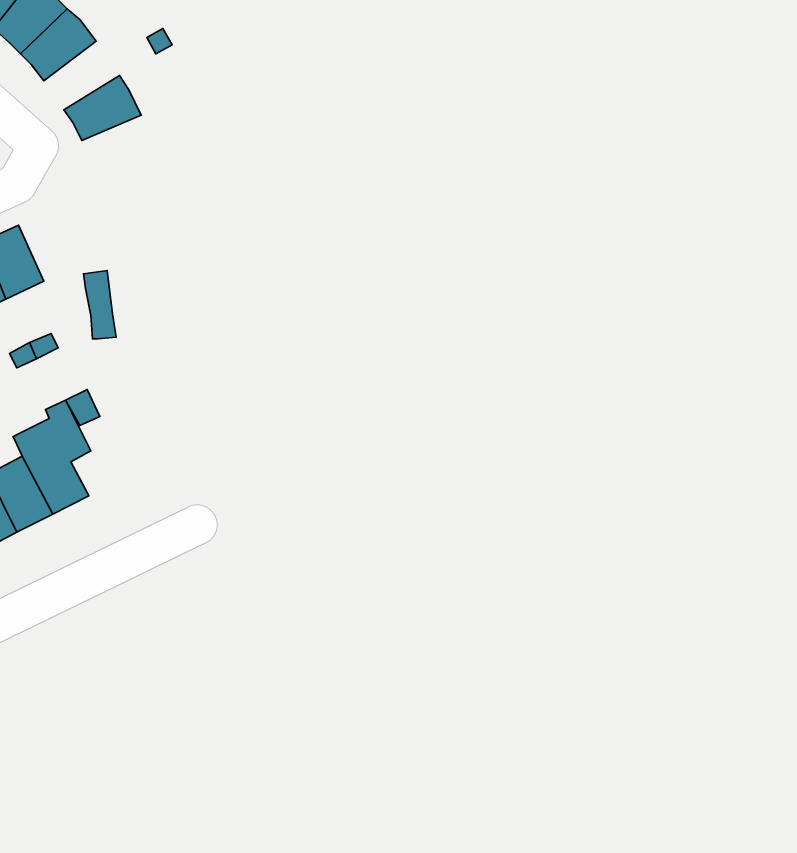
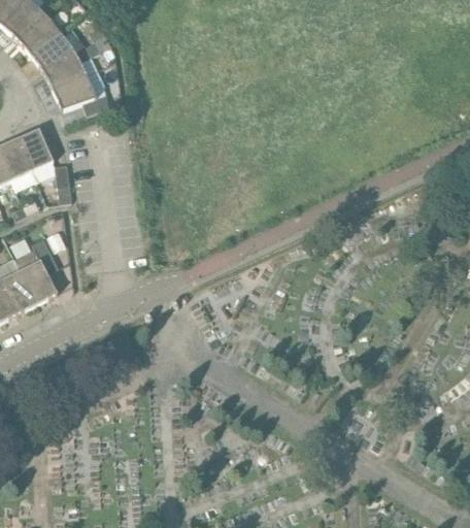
building: none -> [31,31,74,70]
building: none -> [53,73,109,112]
building: none -> [16,127,55,180]

